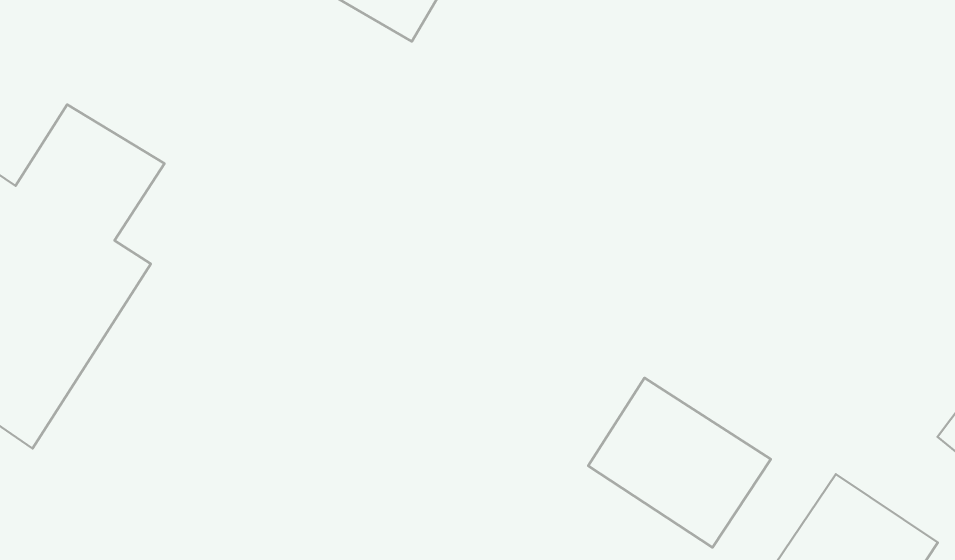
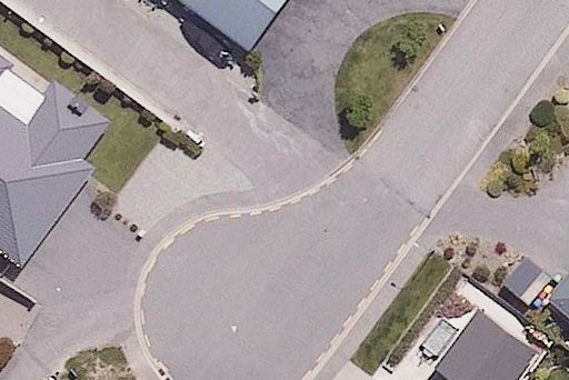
building: [588,378,771,548] -> none

